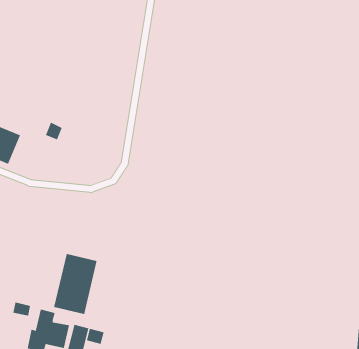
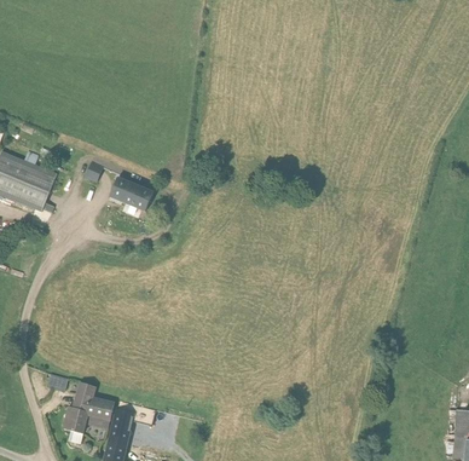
building: none -> [110,178,154,211]
building: [54,253,97,315] -> none

